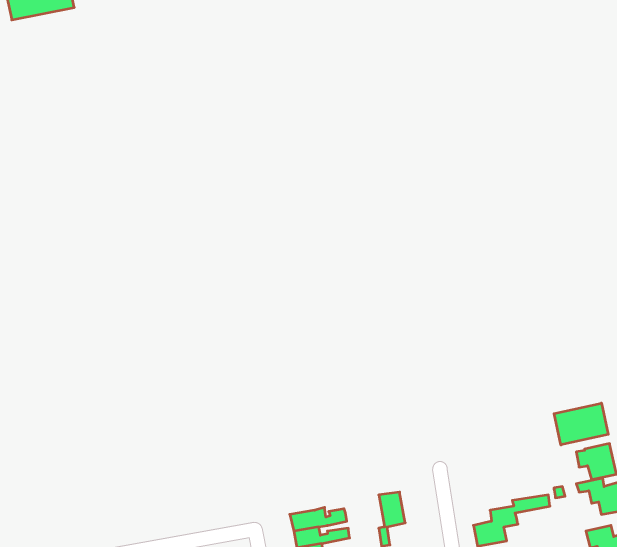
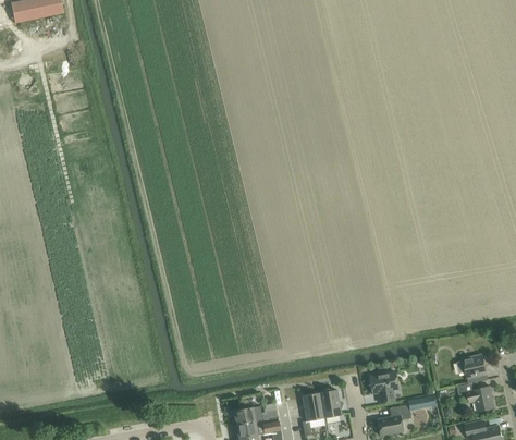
building: [554,403,608,445] -> none
building: none -> [369,371,398,403]
building: none -> [319,388,343,417]

